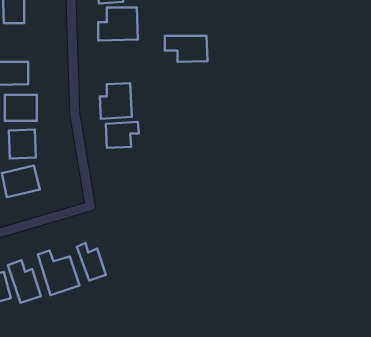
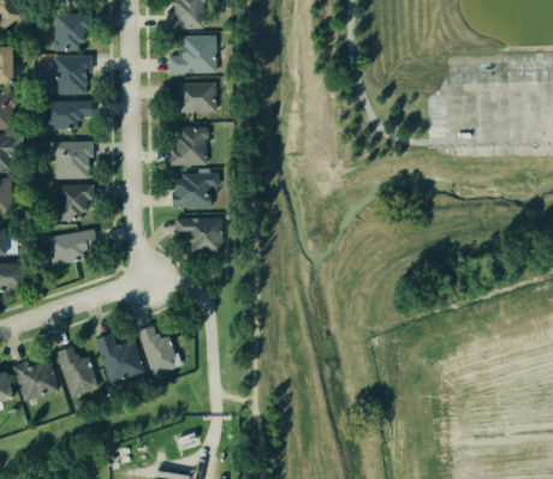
building: none -> [54,58,89,96]
building: [165,36,208,62] -> [165,79,218,112]
building: none -> [176,215,227,259]

